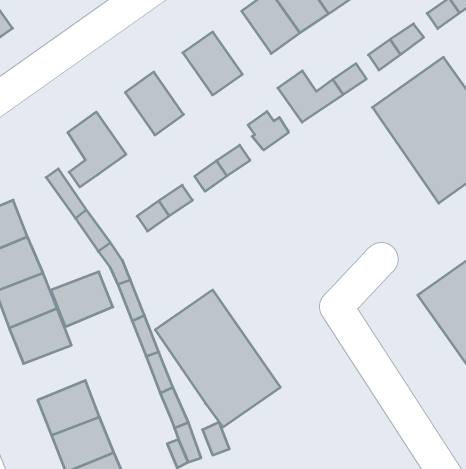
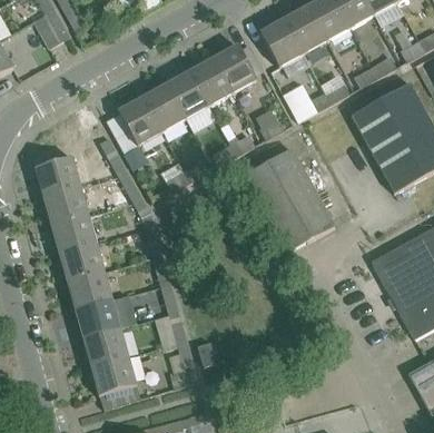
building: none -> [189,59,231,106]
building: none -> [142,85,185,131]
building: [51,272,113,327] -> [67,272,112,311]
building: [155,290,280,427] -> [244,148,334,253]

